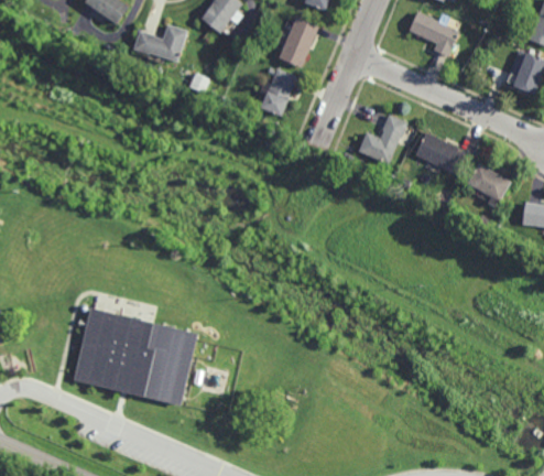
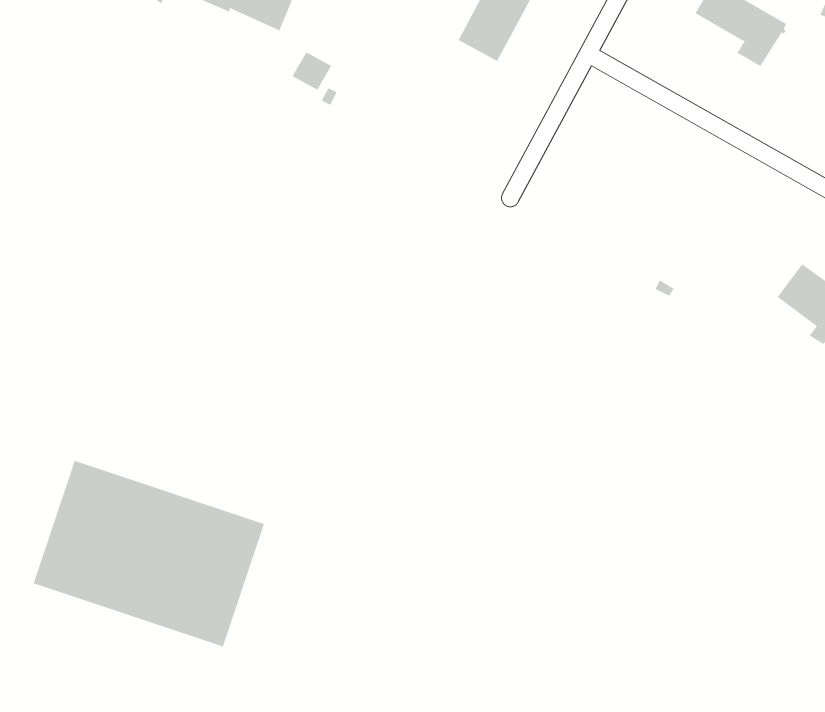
building: [258,67,296,116] -> none
building: [358,113,407,164] -> none
building: [415,132,465,174] -> none

